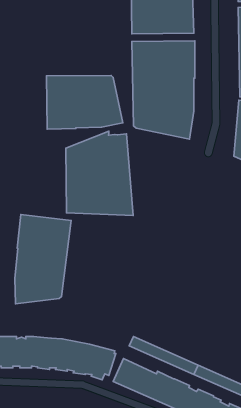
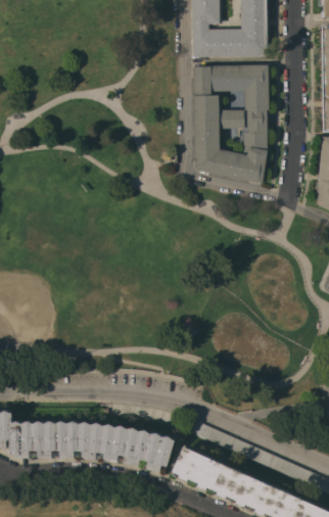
building: [46,76,123,129] -> none
building: [66,131,133,215] -> none
building: [15,215,71,304] -> none

